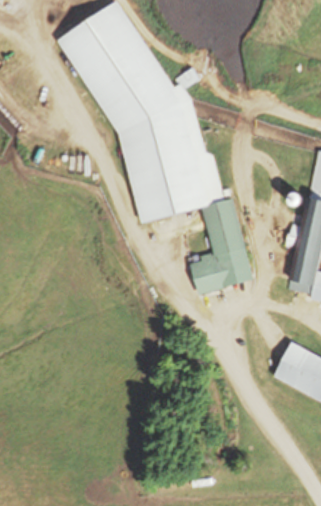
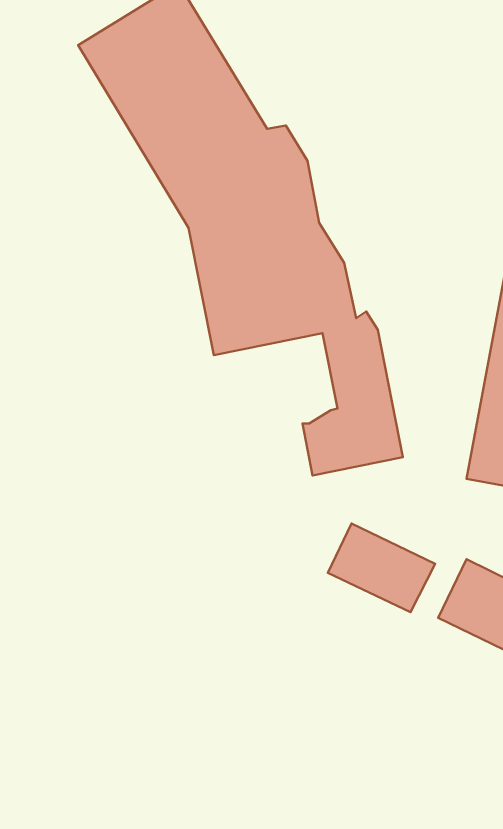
building: none -> [328,523,435,612]

